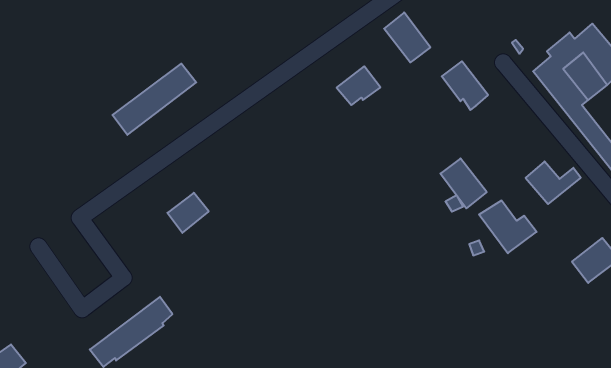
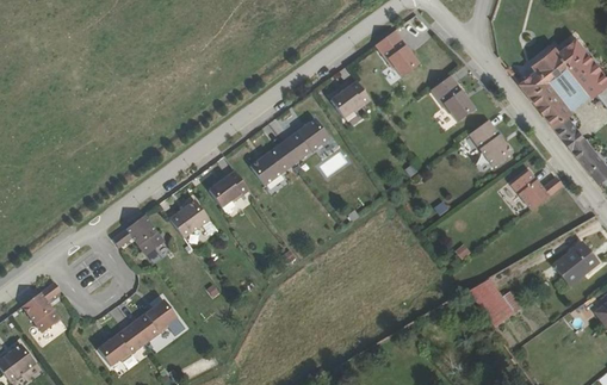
building: [112,64,196,135] -> [249,117,329,185]
building: [440,158,487,208] -> [469,119,513,167]
building: none -> [208,170,250,209]
building: [479,201,537,253] -> [467,278,522,328]
building: none -> [112,213,165,254]
building: none -> [21,281,61,331]

